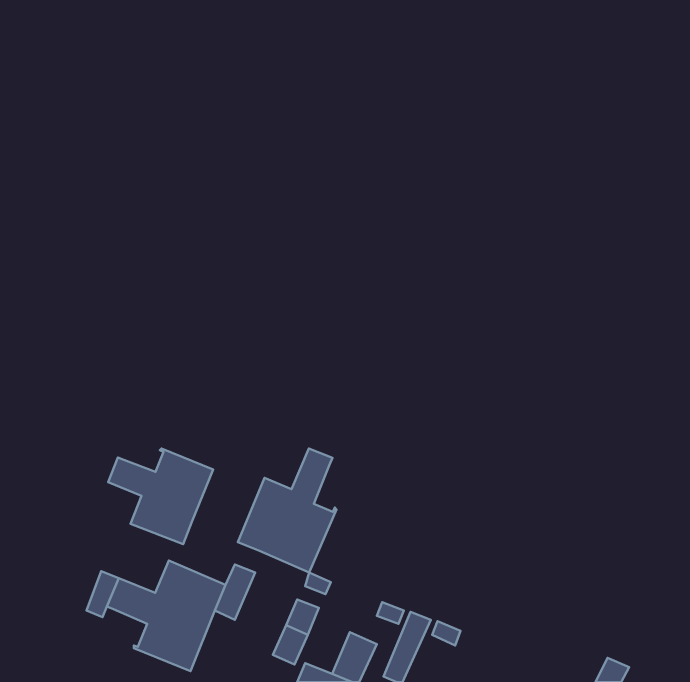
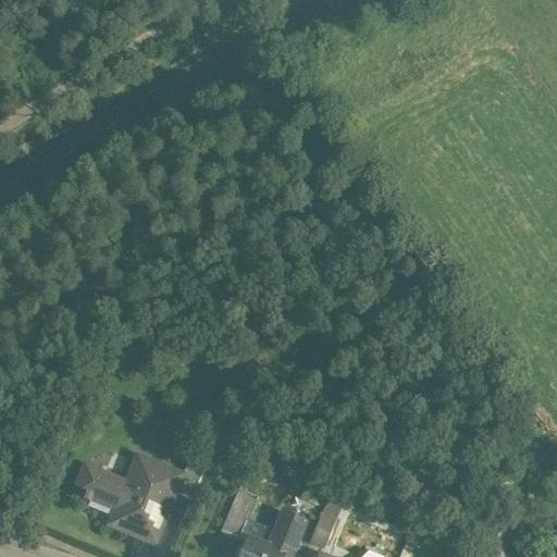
building: [238,448,336,573] -> none
building: [108,449,213,544] -> none

